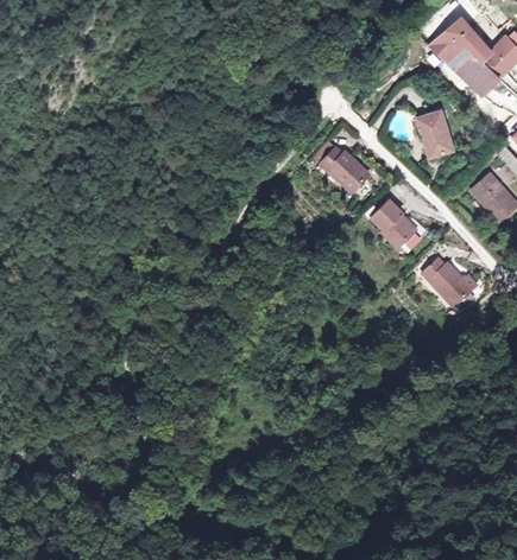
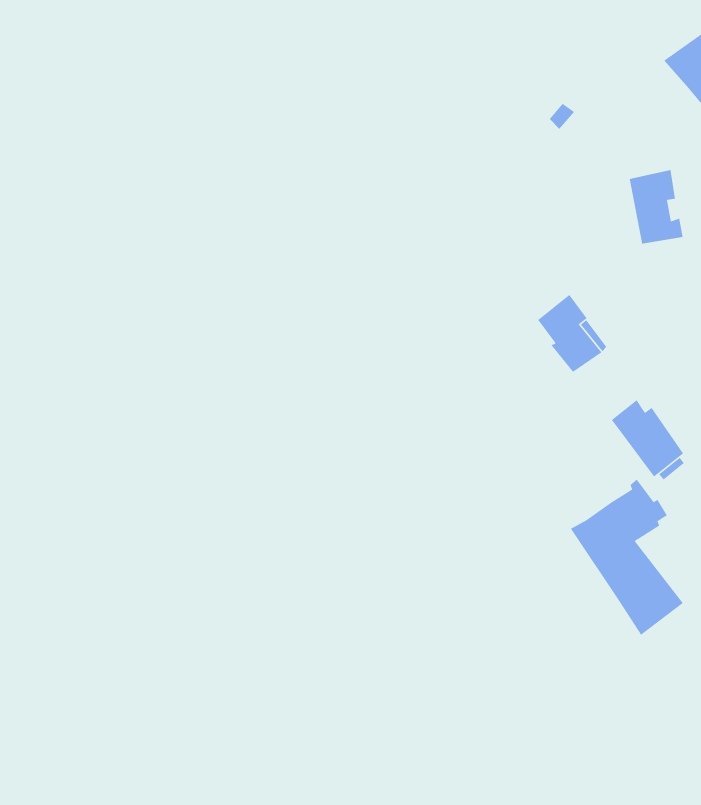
building: [319,141,366,186] -> none
building: none -> [570,478,684,636]

